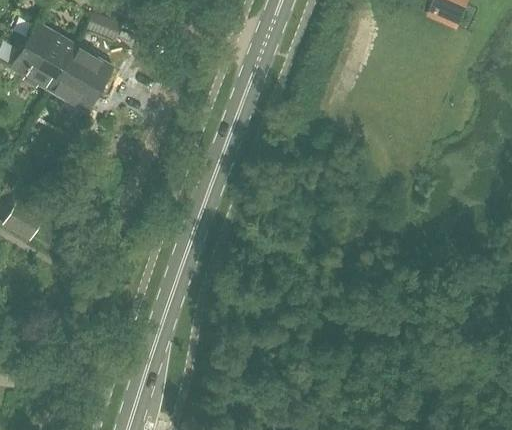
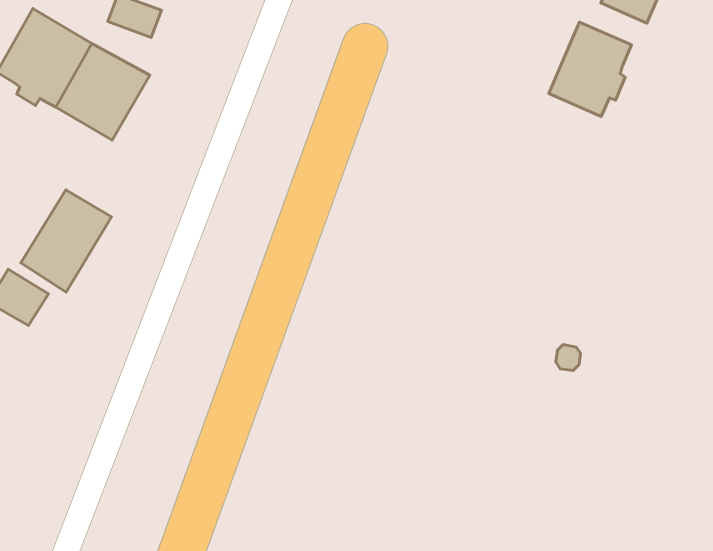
building: none -> [549,22,632,116]
building: none -> [21,190,112,292]

